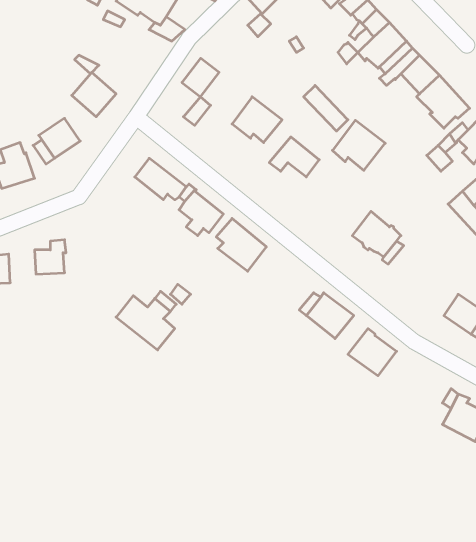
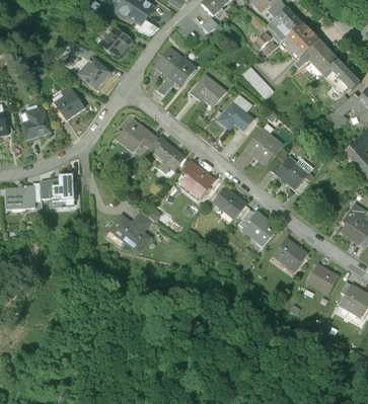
building: none -> [99,26,131,55]
building: none -> [168,57,195,85]
building: [332,120,385,170] -> [244,128,282,163]
building: none -> [214,188,246,220]
building: none -> [307,265,339,295]

